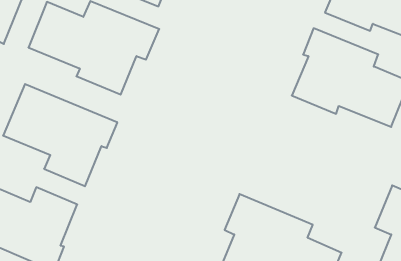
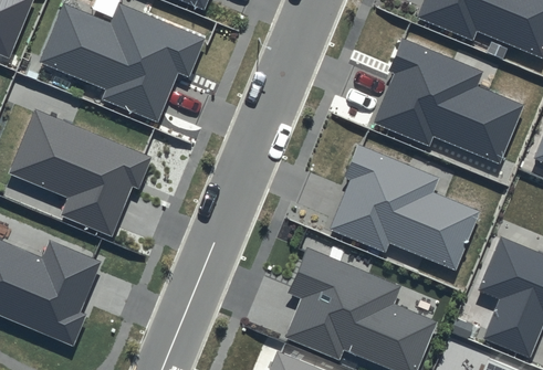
building: none -> [328,145,479,269]

